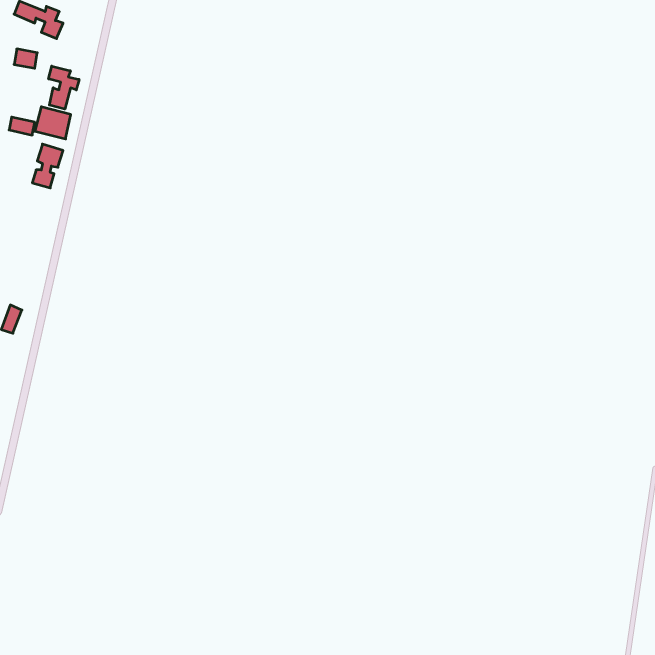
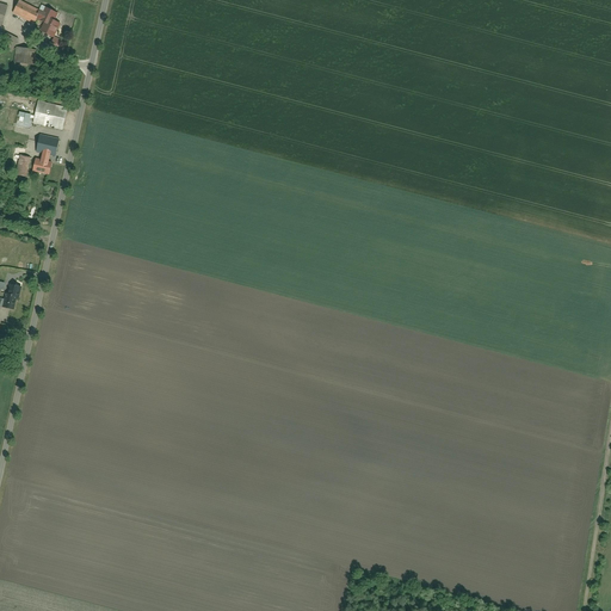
building: [49,66,79,109] -> none

